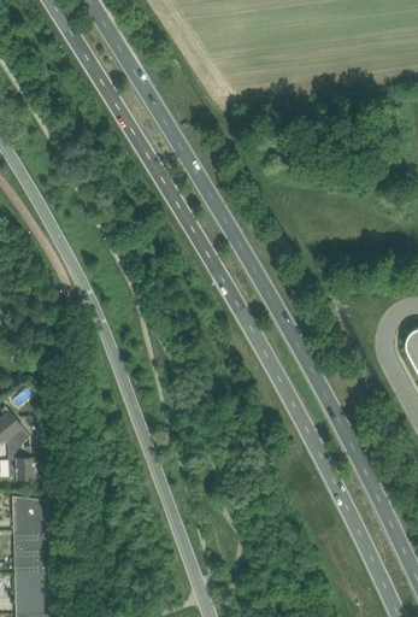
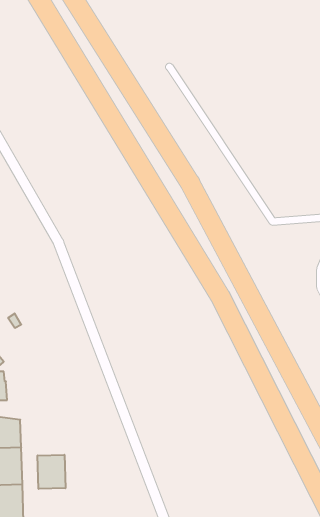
building: none -> [38,455,65,489]

